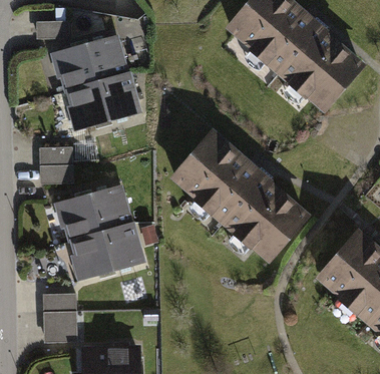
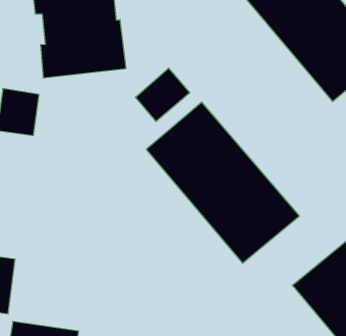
building: none -> [135,68,190,121]
building: [52,182,144,280] -> none

